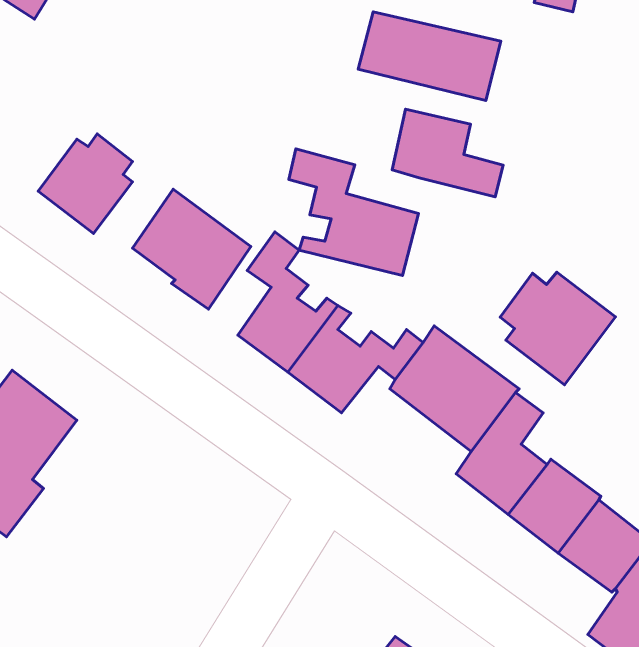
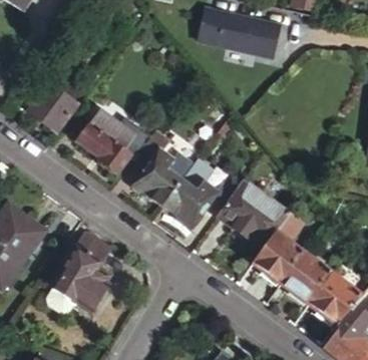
building: [392,109,503,197] -> none
building: [289,149,418,276] -> none
building: [500,272,615,385] -> none
building: none -> [46,231,113,312]

